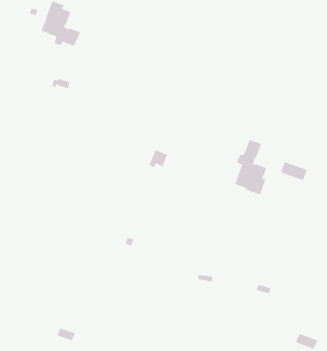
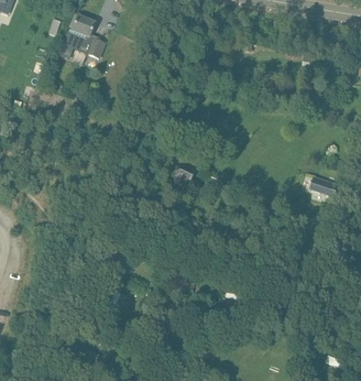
building: [234,139,267,195] -> none

